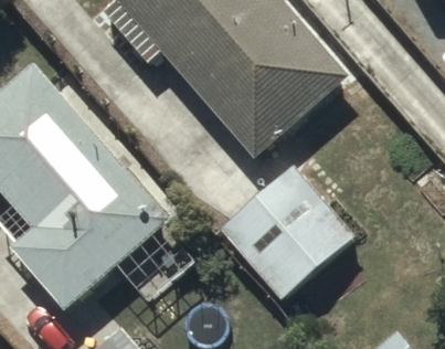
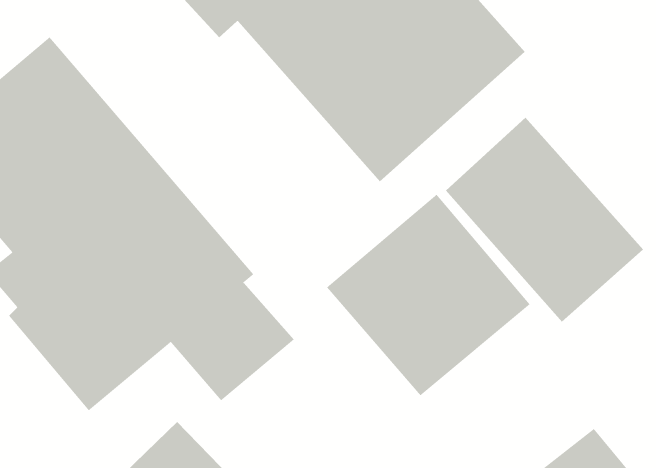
building: none -> [445,117,644,322]

